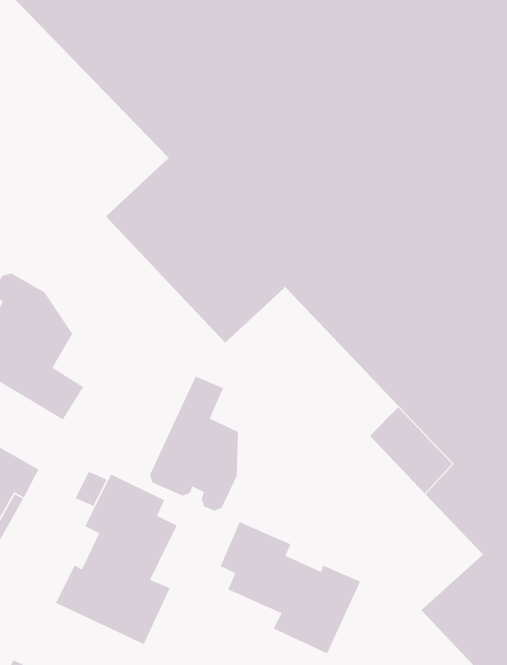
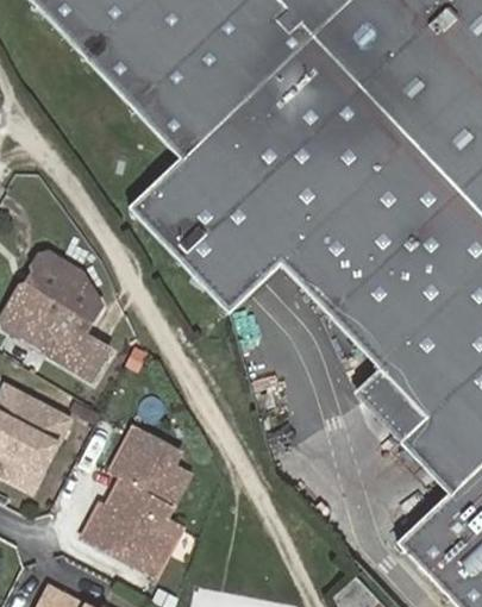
building: [149,375,239,511] -> none
building: [219,521,361,654] -> none

